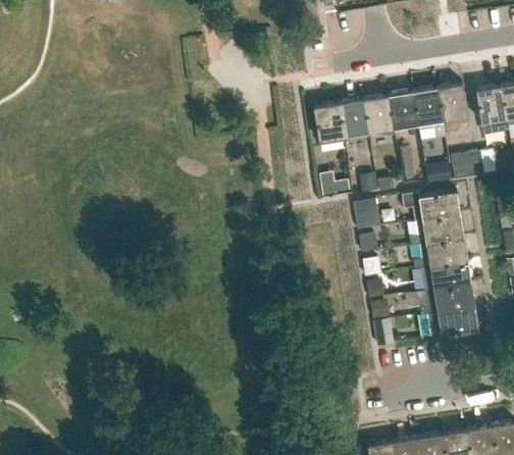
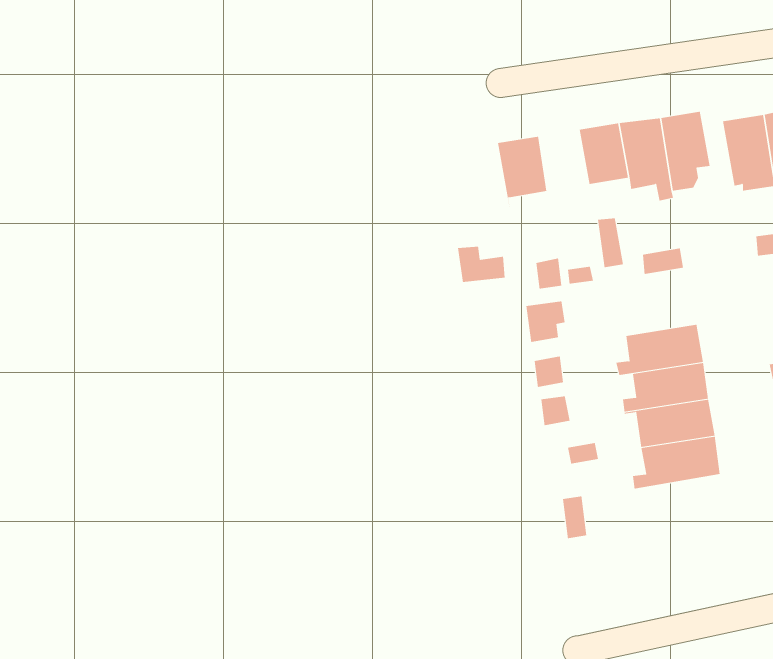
building: [364,95,396,139] -> none
building: [314,103,346,147] -> none
building: [454,152,485,179] -> none
building: [404,191,461,221] -> none
building: [422,306,479,338] -> none

